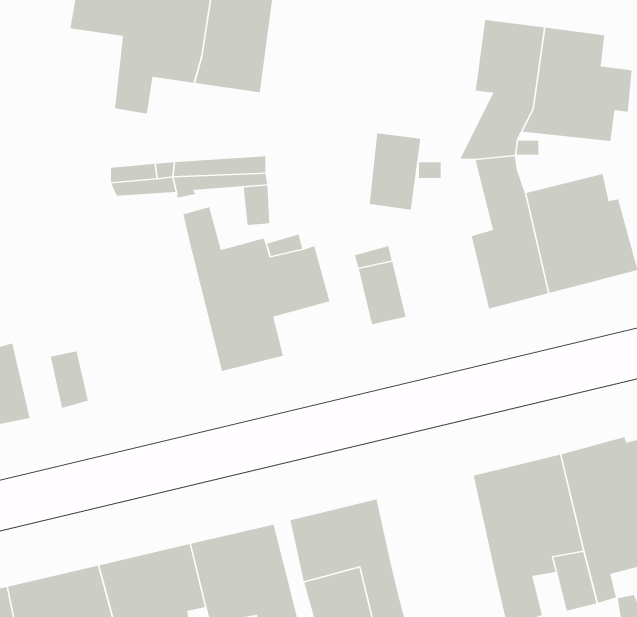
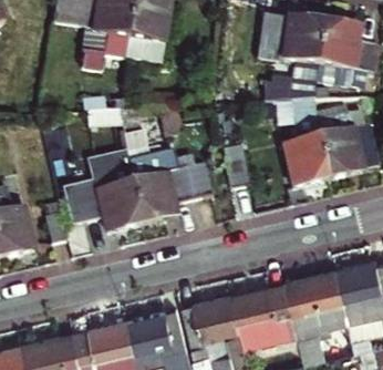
building: [369,132,421,210] -> [261,18,291,62]
building: none -> [65,151,142,229]
building: none -> [230,280,297,348]

